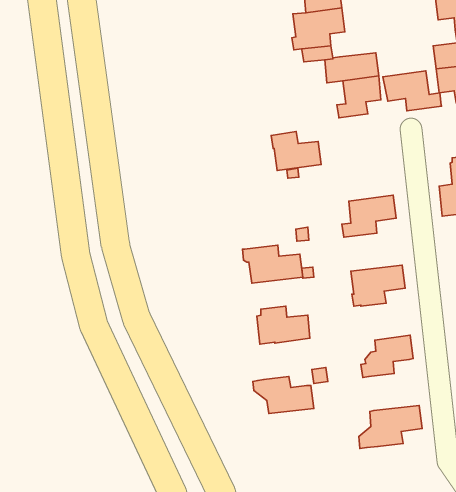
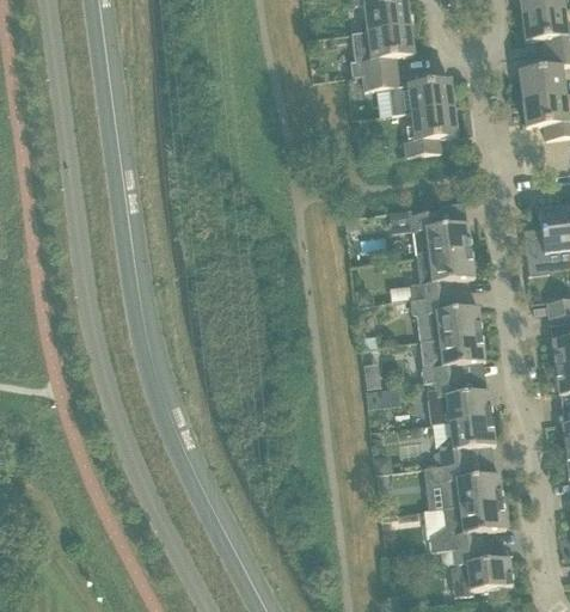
building: [383,71,441,111] -> none
building: [271,131,321,170] -> [411,209,471,256]
building: [243,245,303,283] -> [410,294,482,339]
building: [257,306,310,344] -> [428,378,491,423]
building: [253,376,314,413] -> [429,461,502,506]
building: none -> [451,545,513,595]

